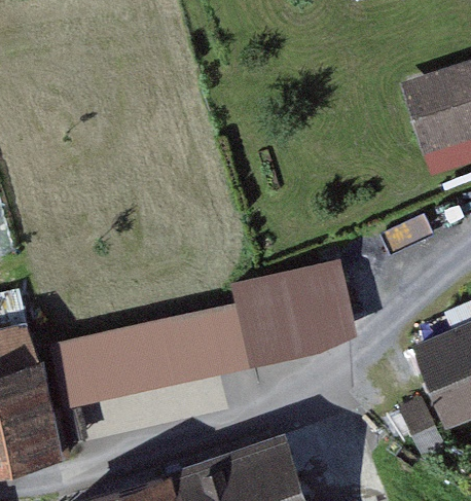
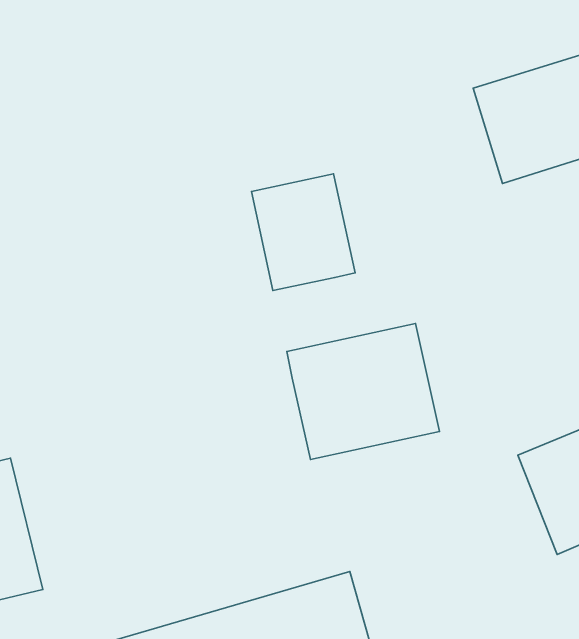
building: none -> [251,174,355,290]
building: [48,300,261,405] -> none

